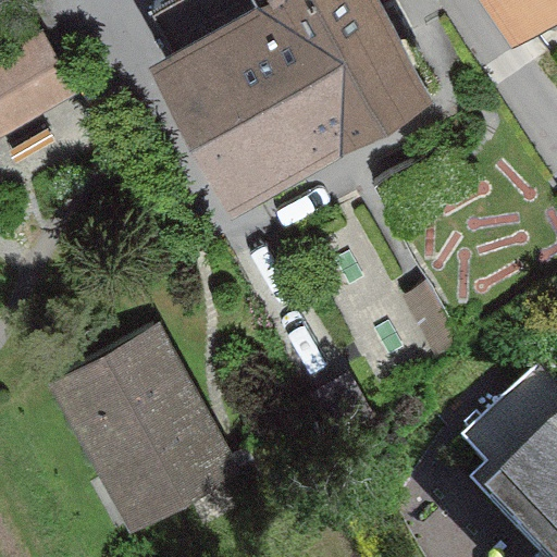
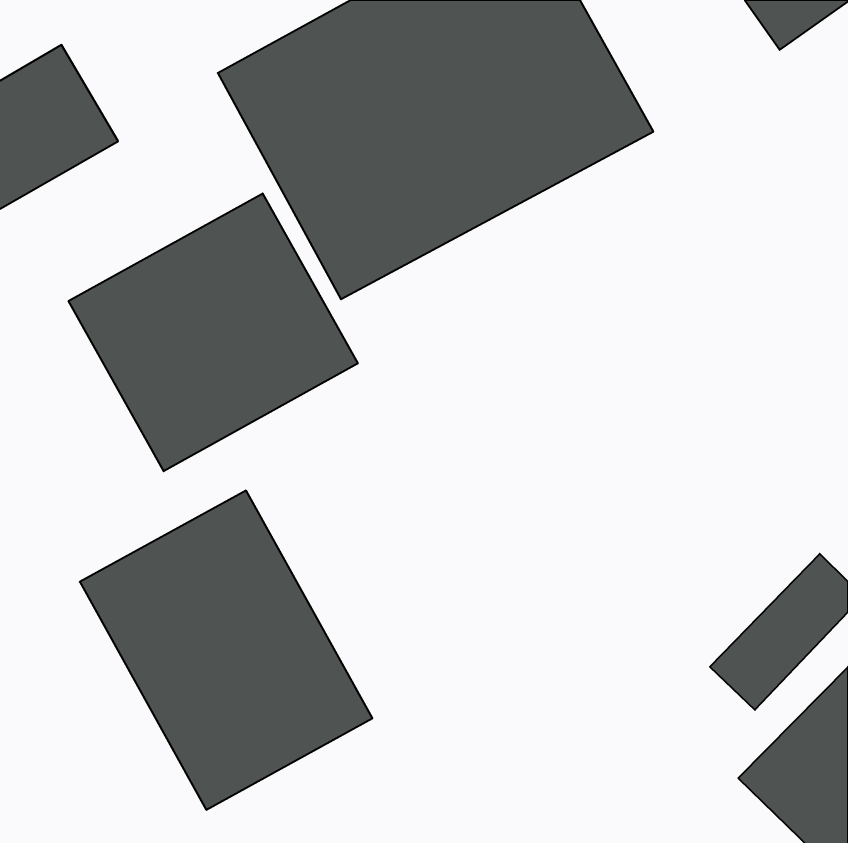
building: none -> [69,193,358,471]

